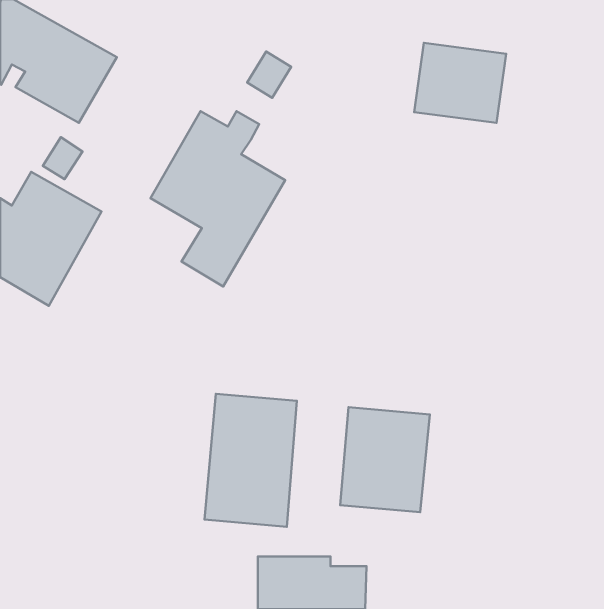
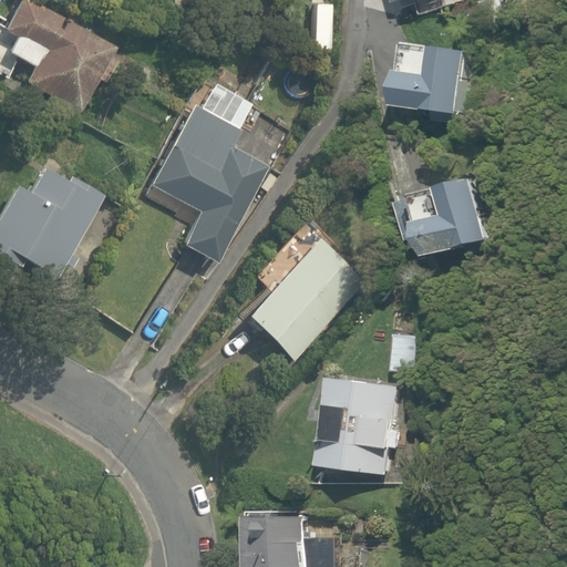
building: none -> [408,178,486,259]
building: none -> [230,223,363,365]
building: [205,394,297,527] -> none

